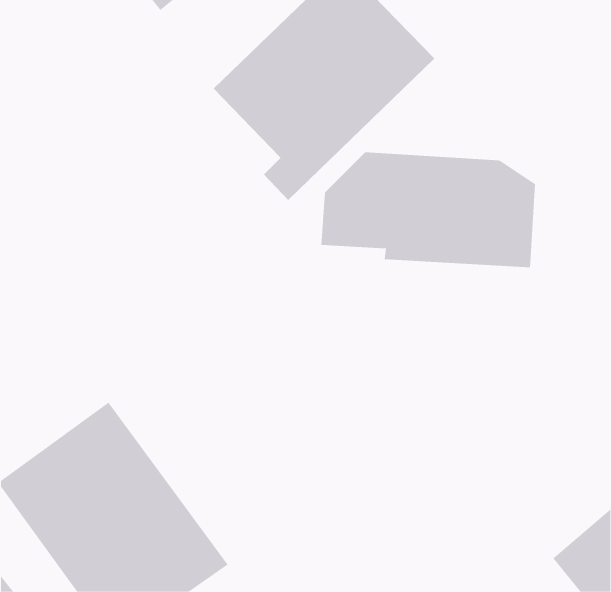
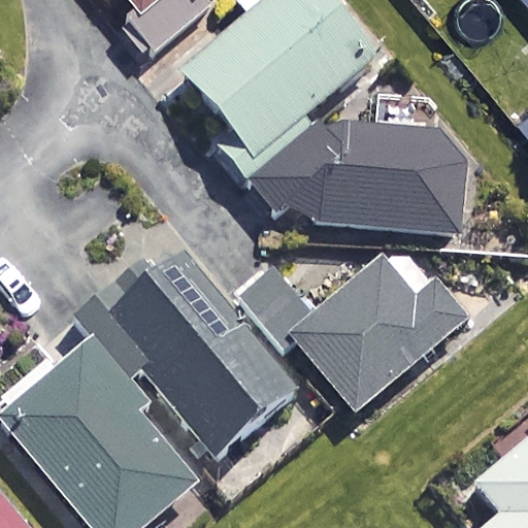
building: none -> [93,259,298,459]
building: none -> [292,263,463,414]

